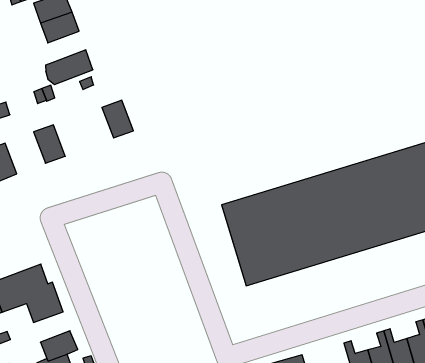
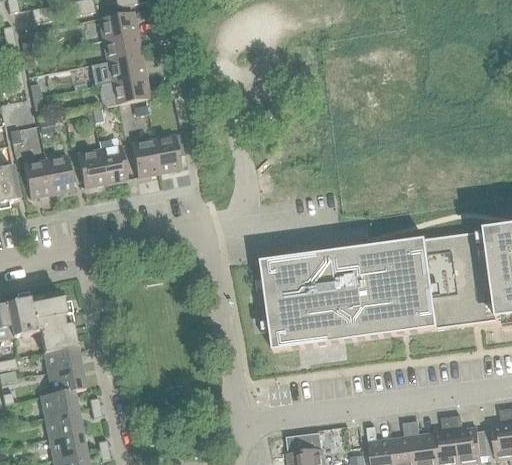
building: none -> [107,53,146,81]
building: none -> [131,137,160,176]
building: none -> [99,143,128,182]
building: none -> [45,153,74,192]
building: none -> [44,345,81,373]

